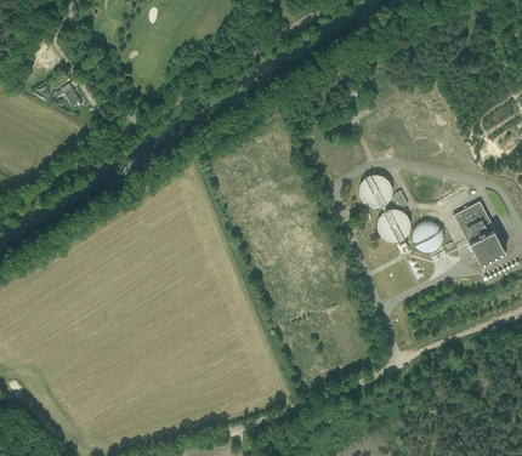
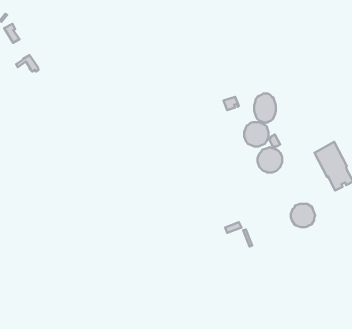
building: none -> [254,94,276,123]
building: [410,221,443,252] -> [291,204,315,227]

